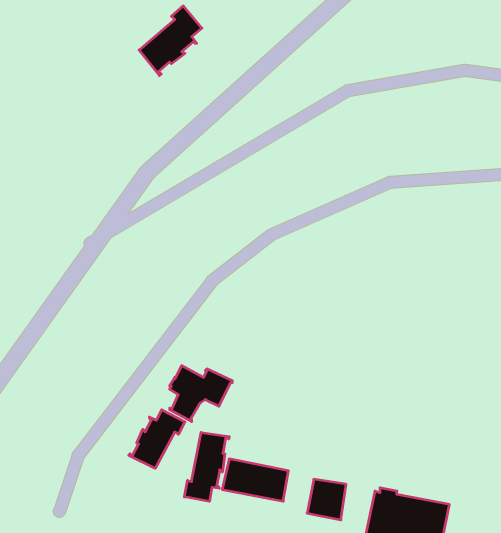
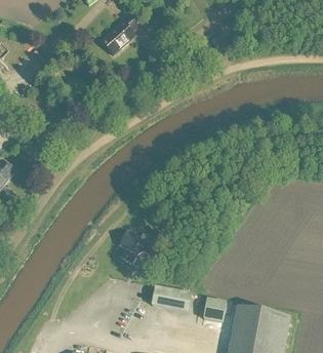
building: [129,410,185,468] -> none
building: [184,432,229,501] -> none

